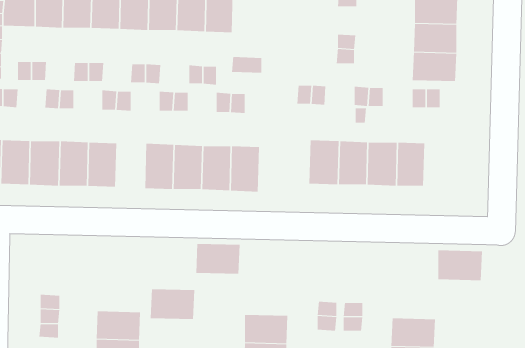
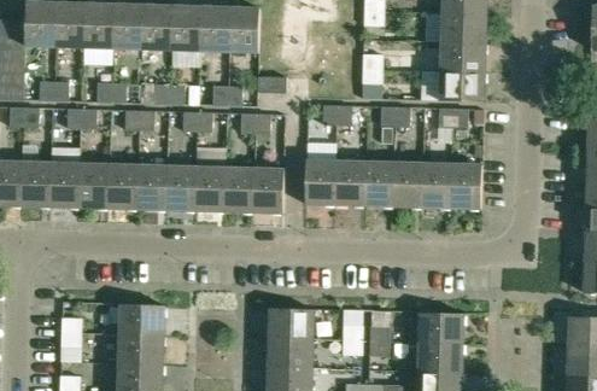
building: none -> [304,161,334,205]
building: none -> [137,164,168,210]
building: none -> [450,164,481,209]
building: [195,243,241,274] -> [268,308,314,339]
building: [438,250,483,281] -> [417,311,463,343]
building: [150,289,195,320] -> [118,304,164,335]

